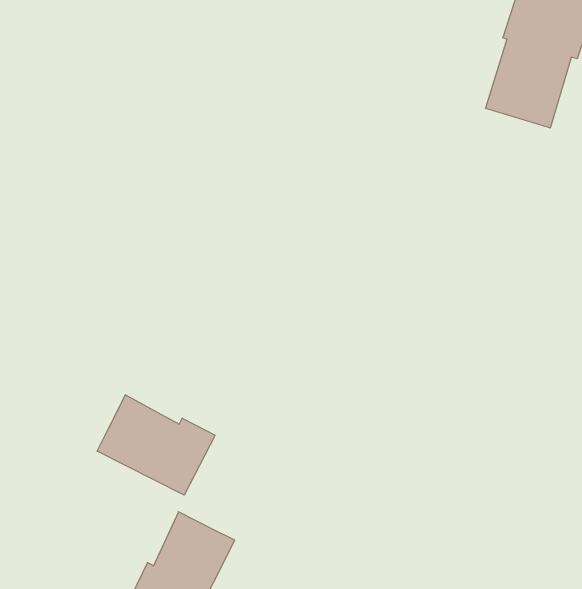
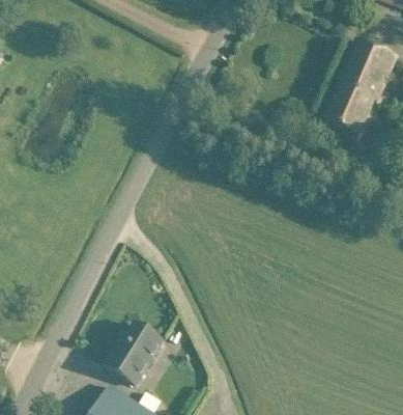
building: [97,395,215,495] -> none

